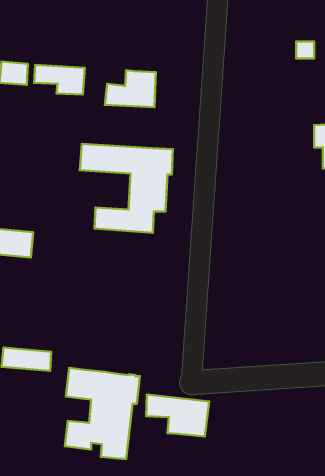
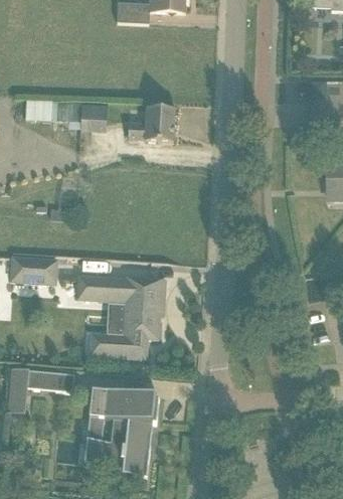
building: [80,144,173,233] -> [76,274,165,358]
building: [146,395,209,437] -> none

